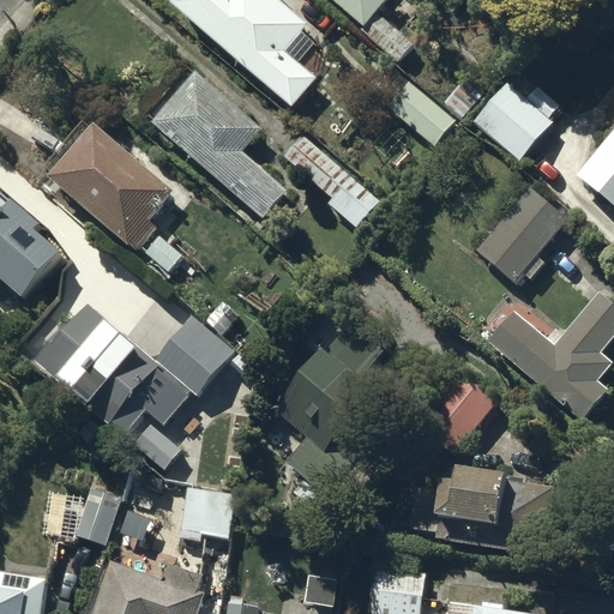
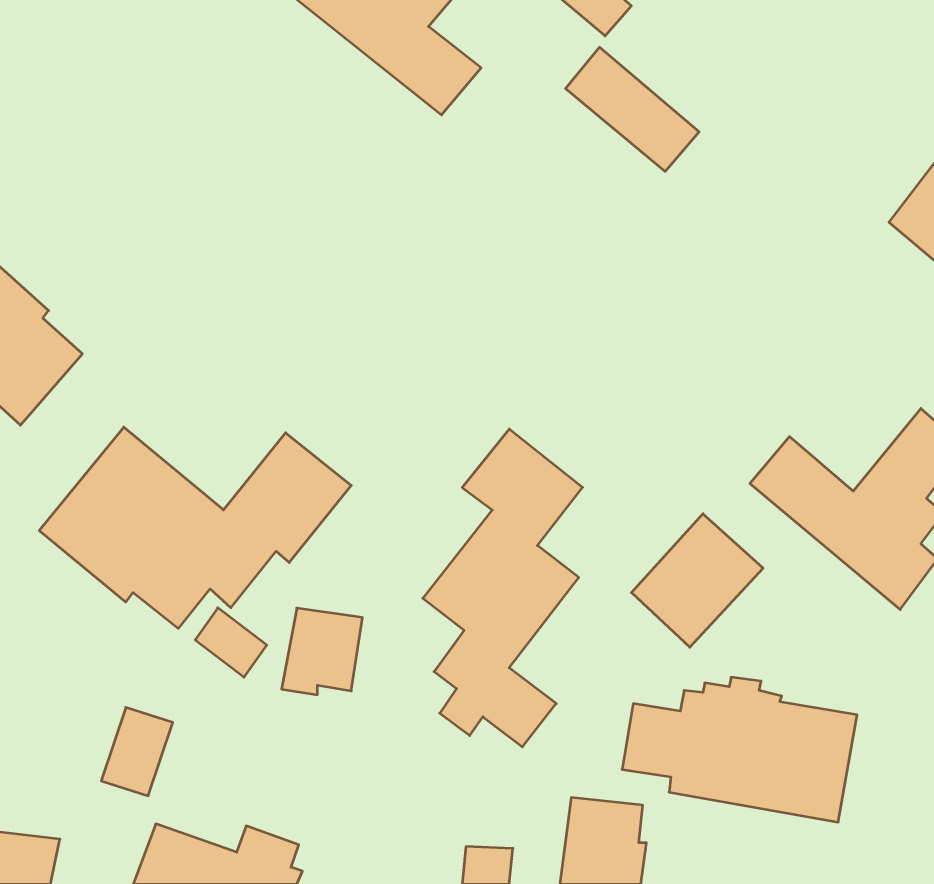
building: [154,73,287,217] -> none
building: [476,83,553,159] -> none
building: [42,124,181,266] -> none
building: [284,131,381,225] -> none
building: [477,188,565,278] -> none
building: [177,483,229,538] -> [282,608,362,695]

